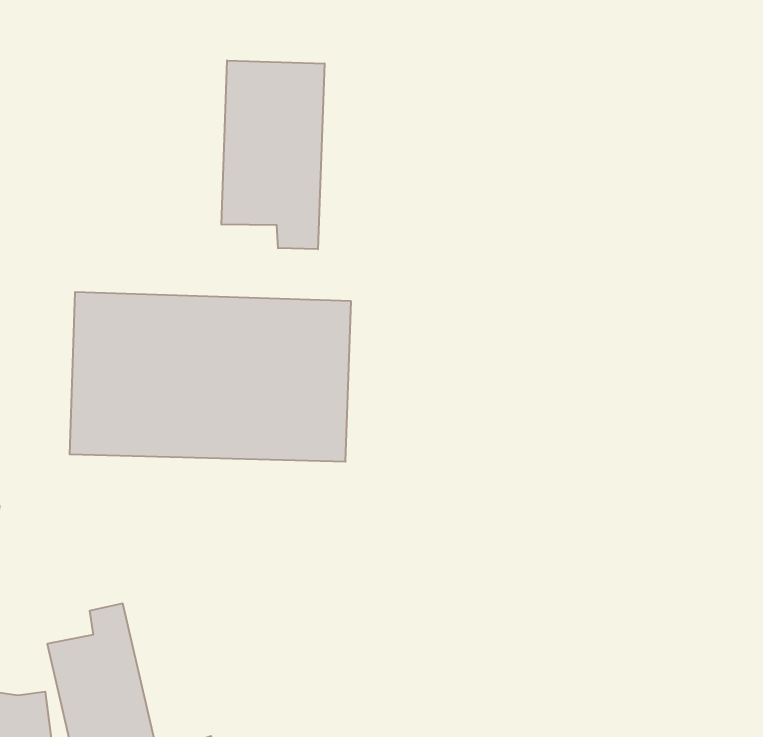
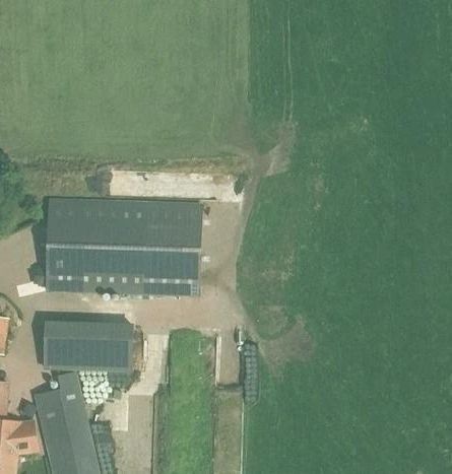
building: [222,60,325,249] -> none
building: none -> [44,322,132,369]

